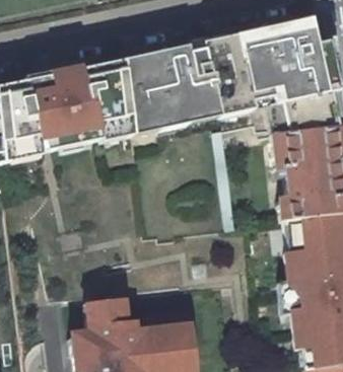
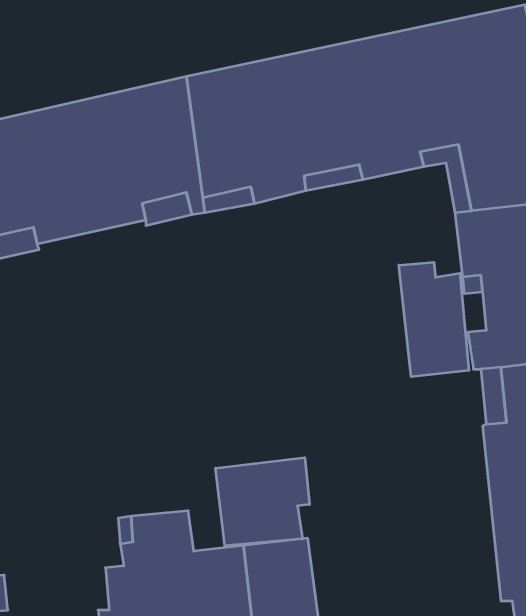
building: none -> [399,262,469,377]
building: none -> [216,458,309,546]

